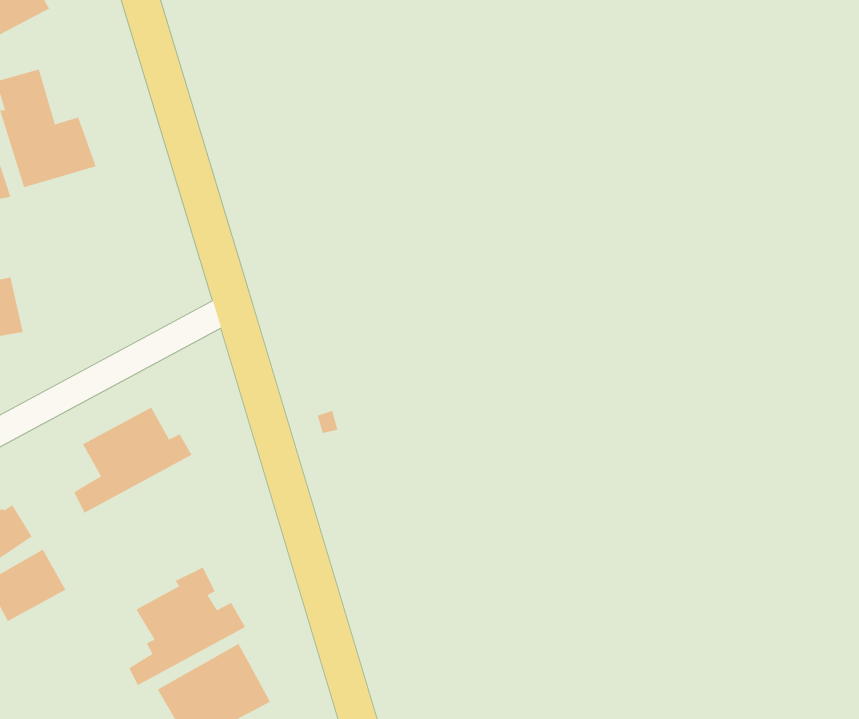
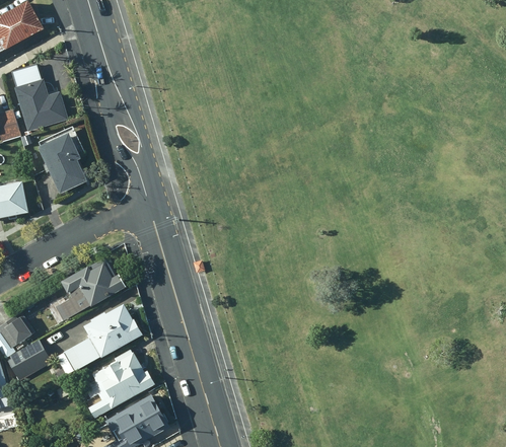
building: none -> [35,134,86,196]
building: none -> [64,305,141,370]

